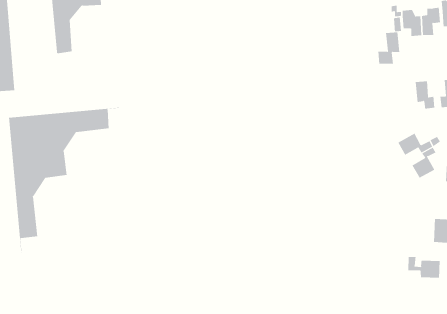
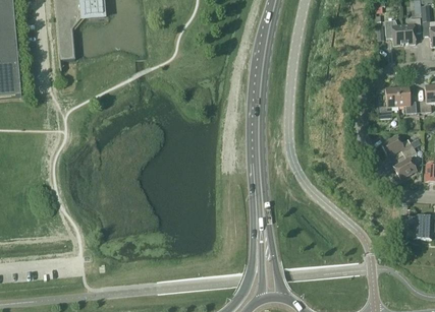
building: [377,32,400,64] -> [377,86,398,117]
building: [8,107,120,254] -> none
building: [408,256,440,279] -> none

